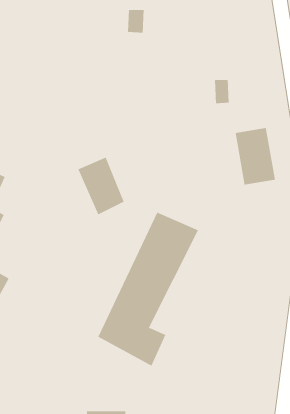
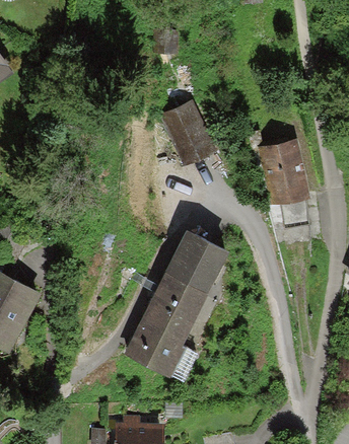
building: [77,157,124,215] -> [162,101,209,159]

